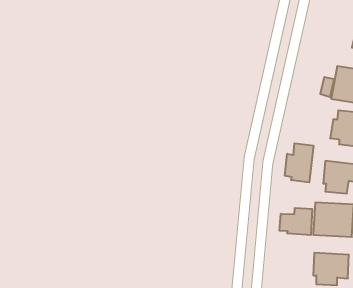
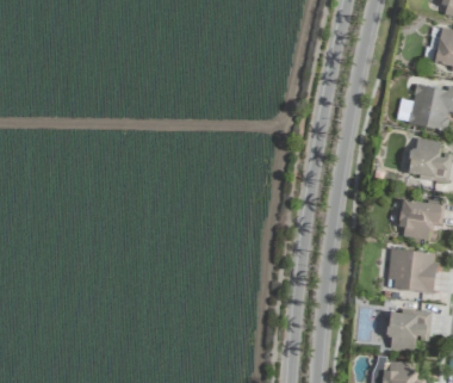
building: [285,143,313,182] -> none
building: [279,208,312,235] -> none

